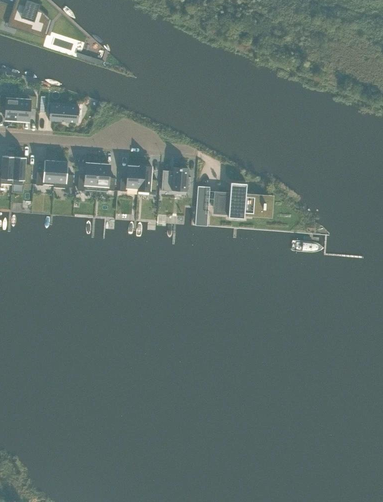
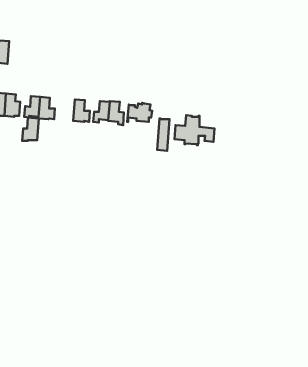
building: [15,93,35,121] -> none
building: [47,104,77,122] -> none
building: [76,162,96,190] -> [22,118,39,141]

